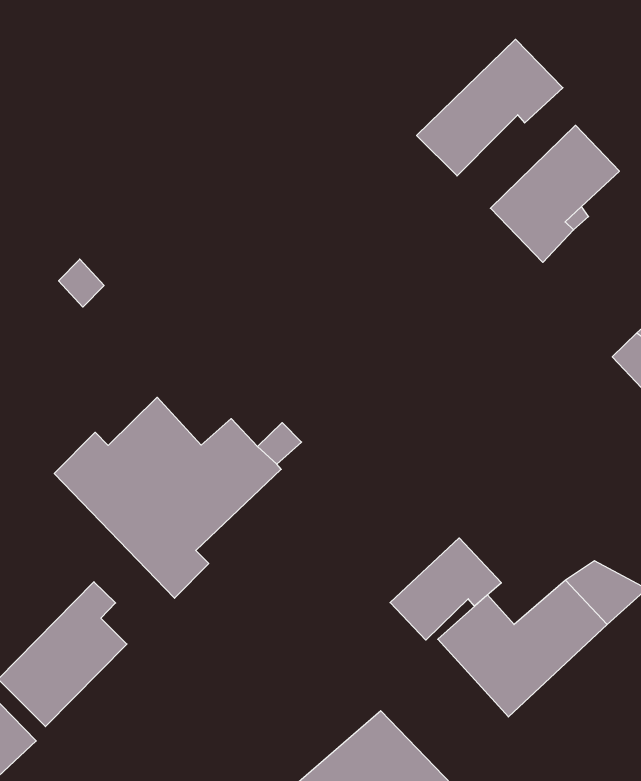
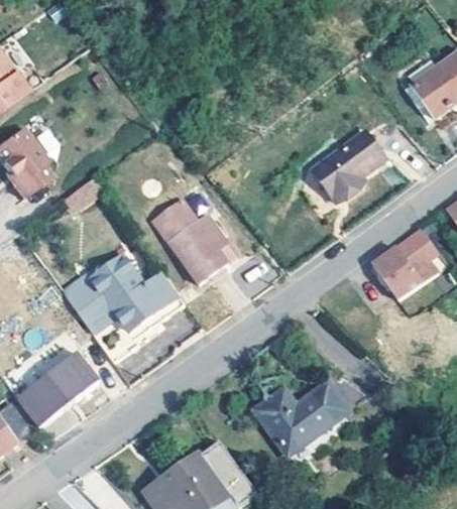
building: [417,39,563,176] -> none
building: none -> [152,197,235,280]
building: [390,538,501,640] -> none

